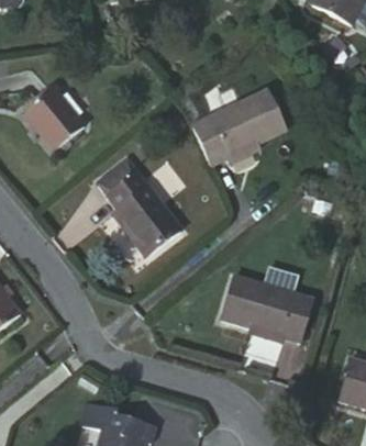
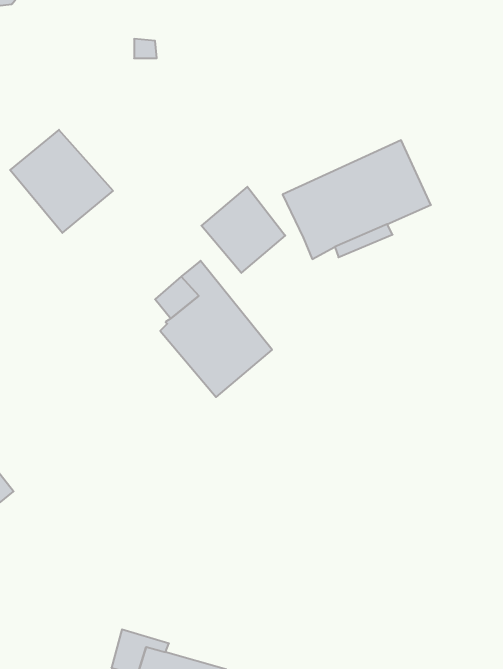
building: none -> [201,187,285,273]
building: [220,276,311,343] -> none

